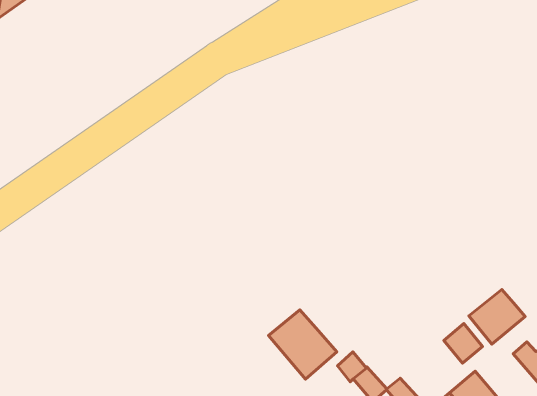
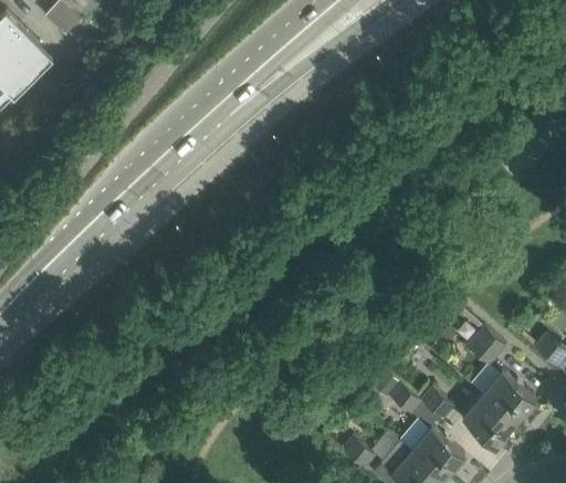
building: [469,289,525,344] -> none
building: [269,310,337,379] -> none

